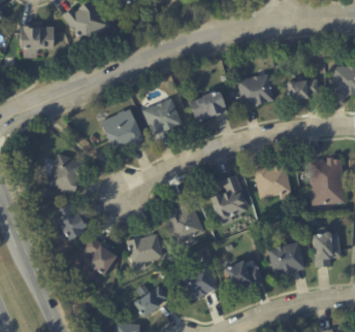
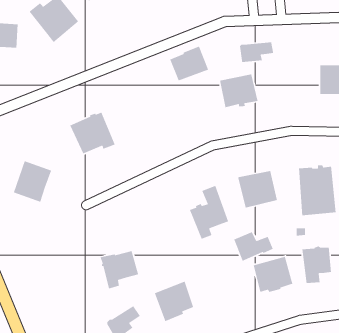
building: [287,78,319,98] -> [239,42,274,63]
building: [190,89,226,122] -> [169,46,209,82]
building: [142,97,182,133] -> none
building: [162,197,204,243] -> none
building: [55,201,89,239] -> none
building: [84,236,116,274] -> none
building: [225,261,262,289] -> [233,231,274,262]

